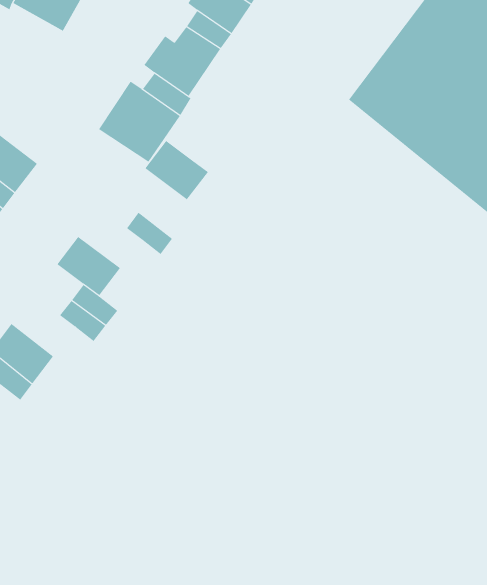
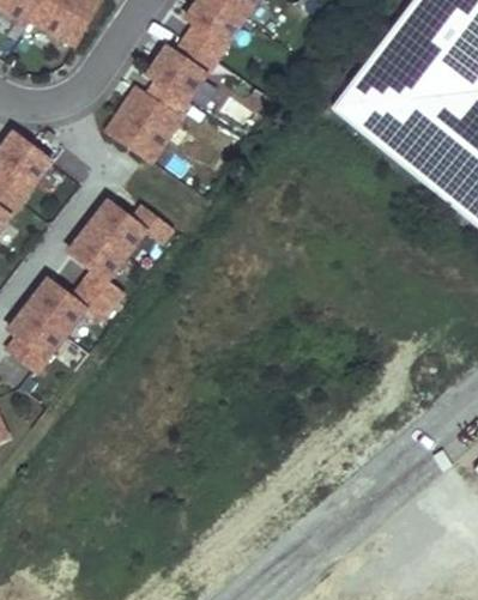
building: [145,140,209,200] -> [89,201,146,255]
building: none -> [29,279,86,334]

